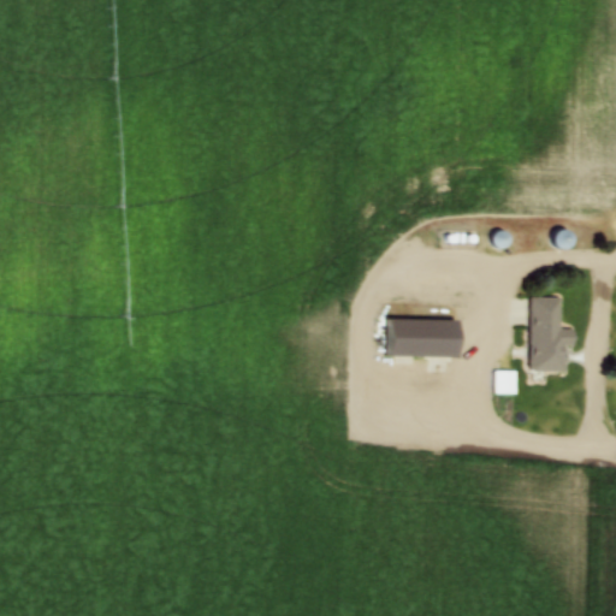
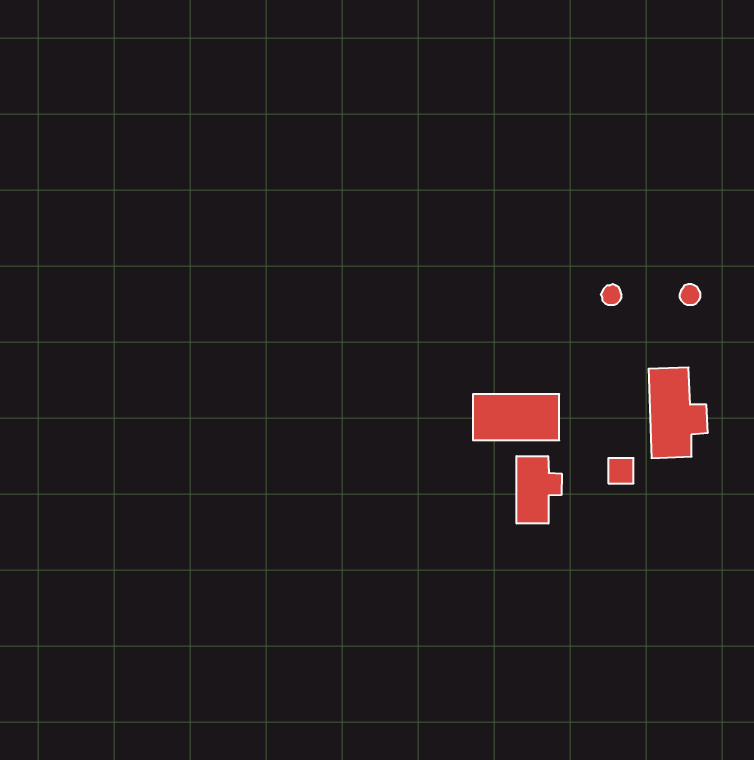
building: none -> [516,456,562,524]

